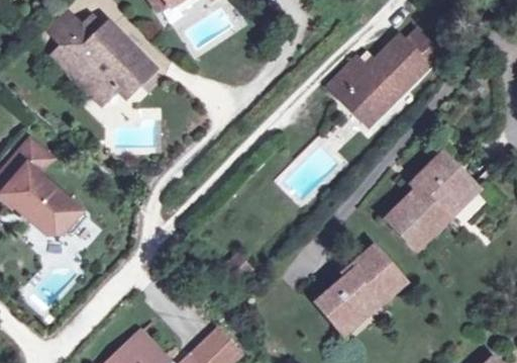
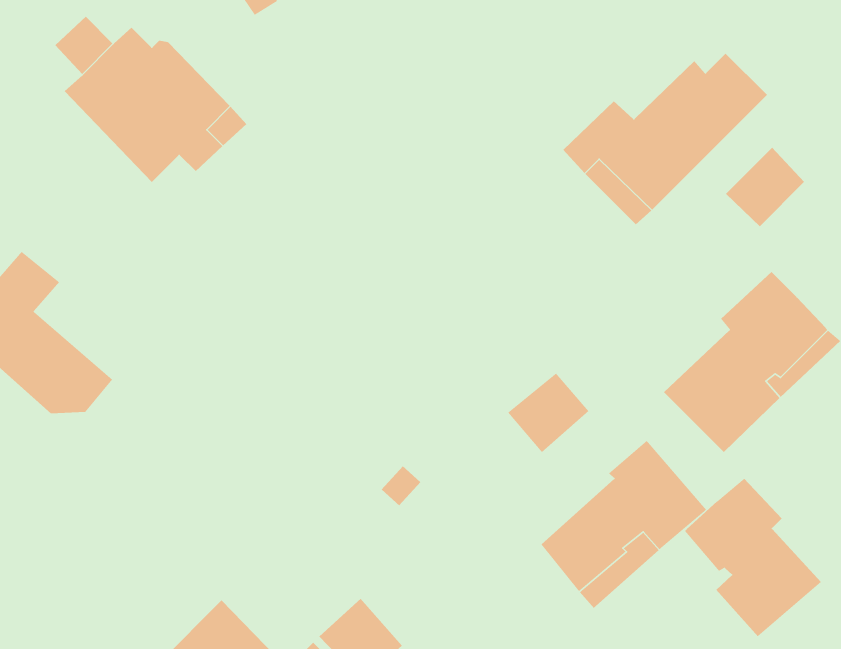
building: none -> [725,147,805,227]
building: none -> [507,372,590,453]
building: none -> [684,478,822,637]

